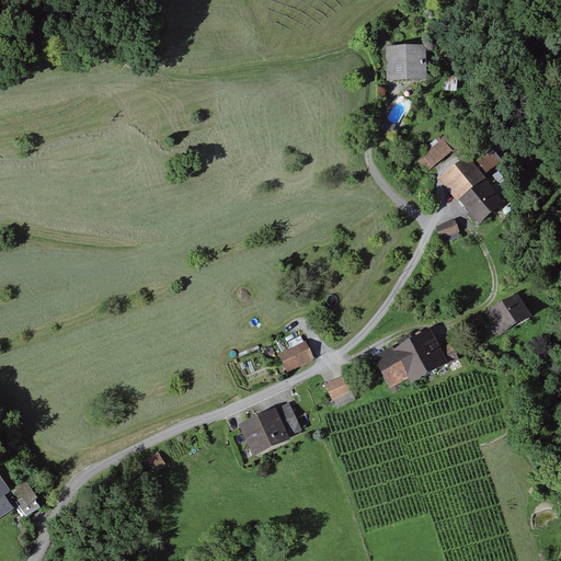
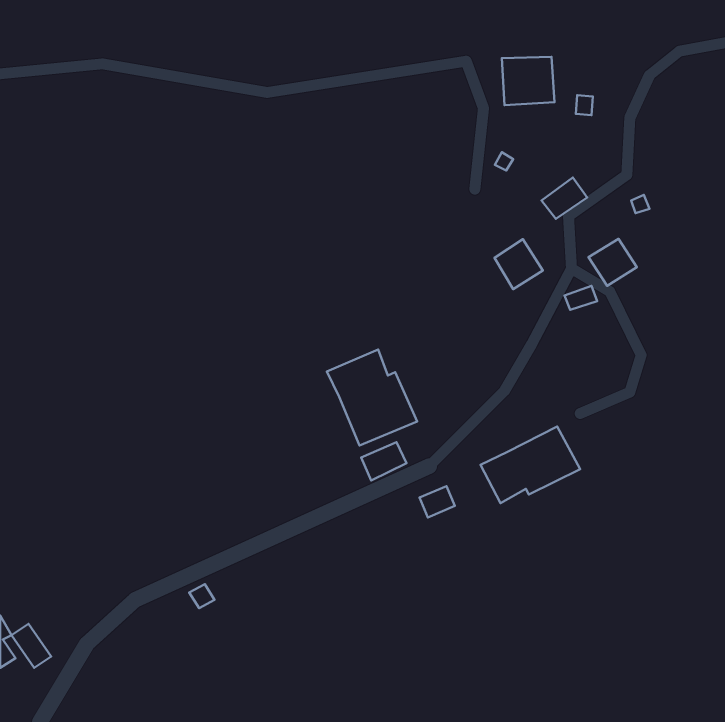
building: [440,160,478,198] -> [495,239,543,289]
building: none -> [327,349,417,445]
building: [488,297,529,334] -> none
building: [238,401,300,453] -> none

